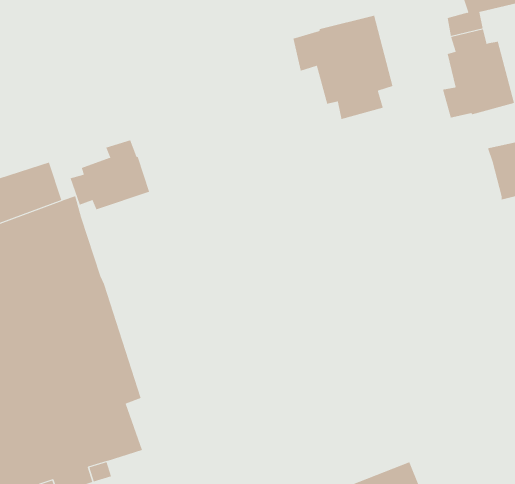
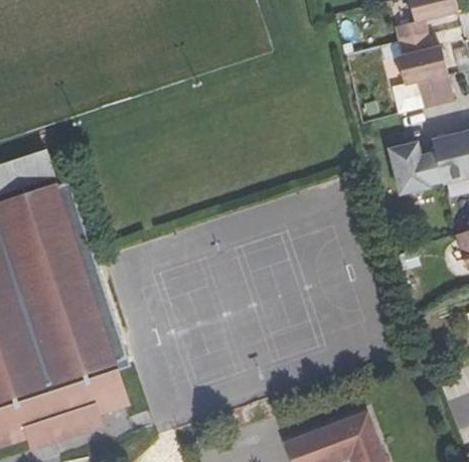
building: [293,15,393,120] -> none
building: [70,139,150,210] -> none
building: none -> [387,141,443,194]

